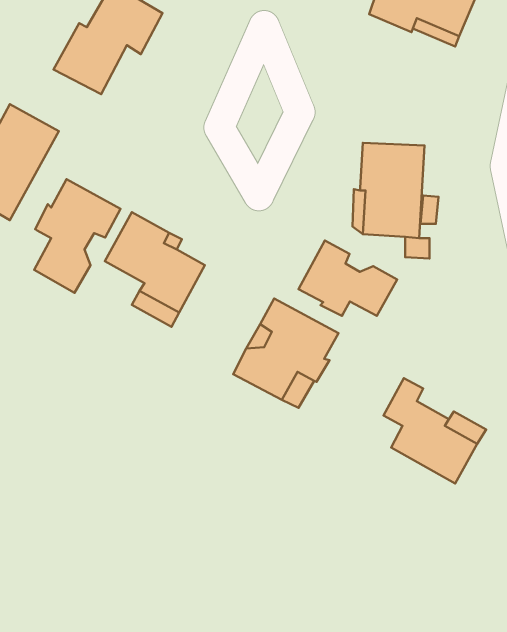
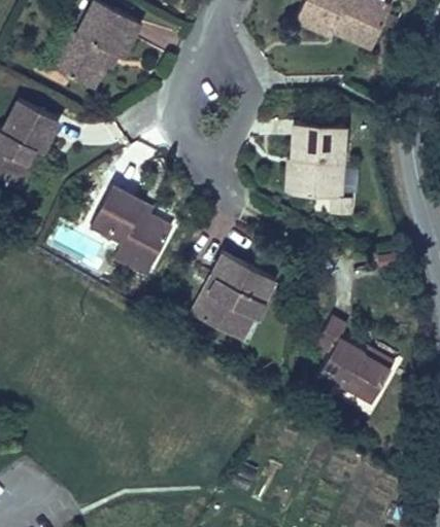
building: [34,179,121,293] -> none
building: [299,241,397,316] -> none

